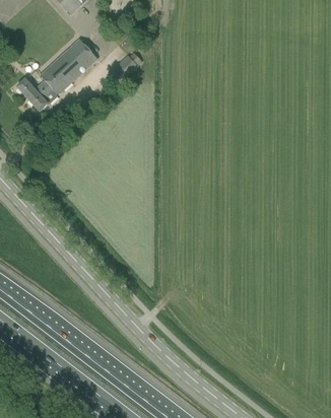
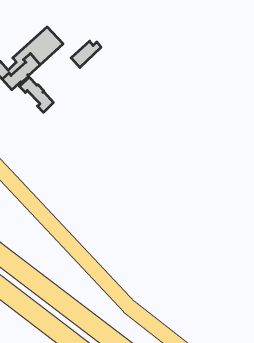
building: none -> [19,77,53,112]

